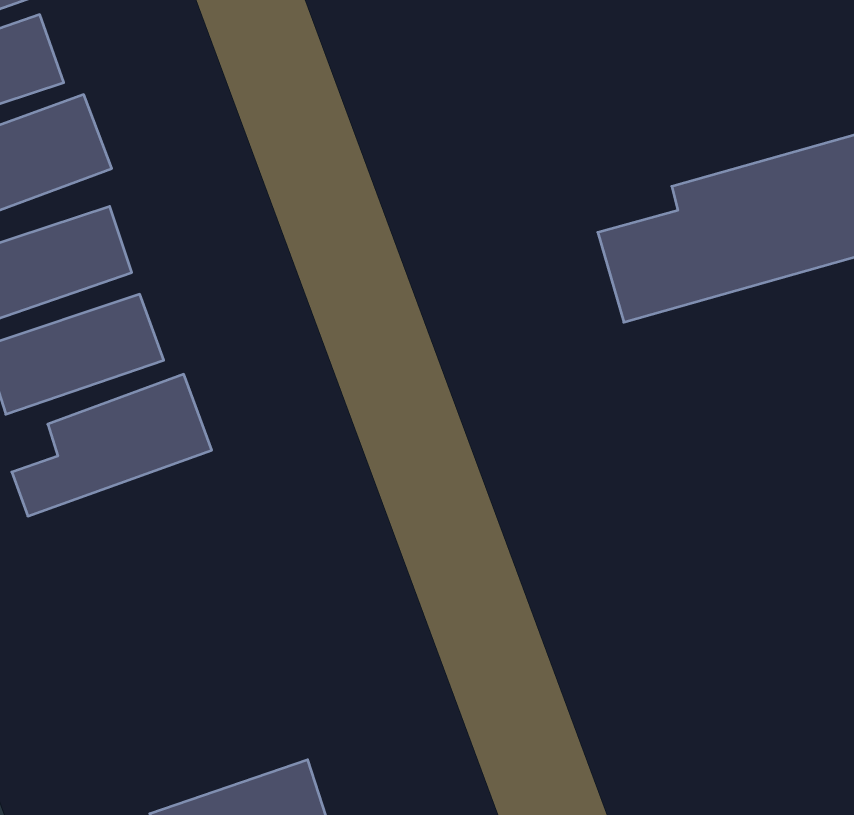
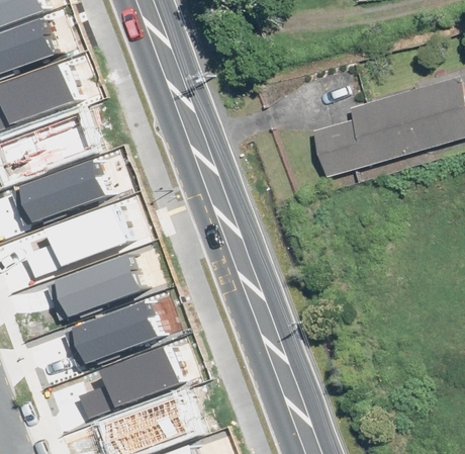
building: none -> [49,255,140,314]
building: none -> [69,300,160,361]
building: none -> [77,345,178,417]

